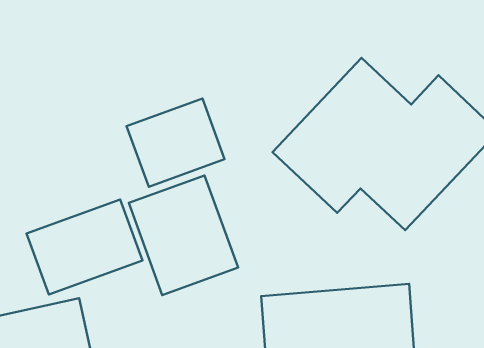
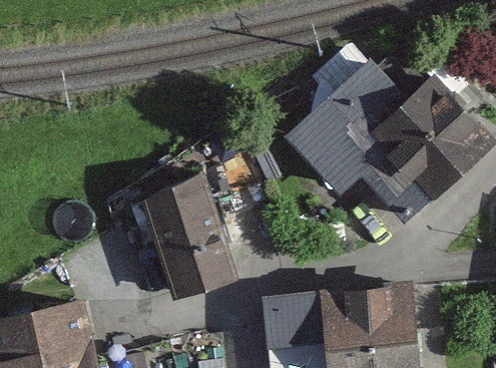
building: [127,98,225,187] -> none
building: [27,199,142,294] -> none

